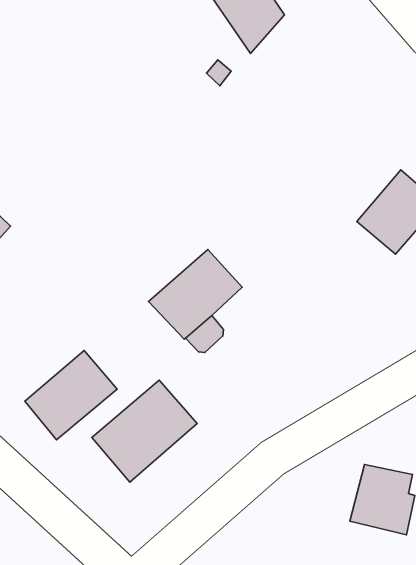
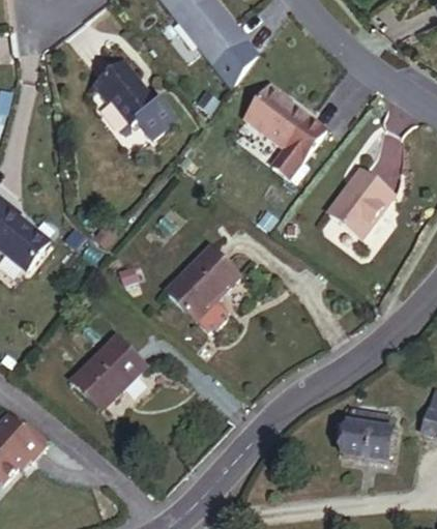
building: none -> [93,61,175,139]
building: none -> [243,85,325,178]
building: [92,380,197,482] -> none

